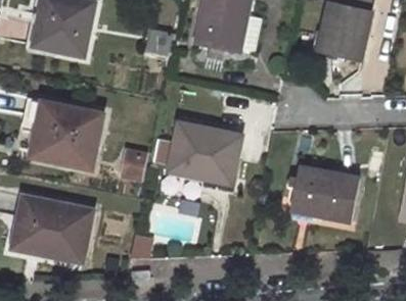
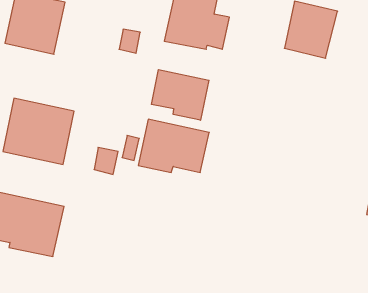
building: none -> [151,70,209,120]
building: [289,166,359,221] -> none

